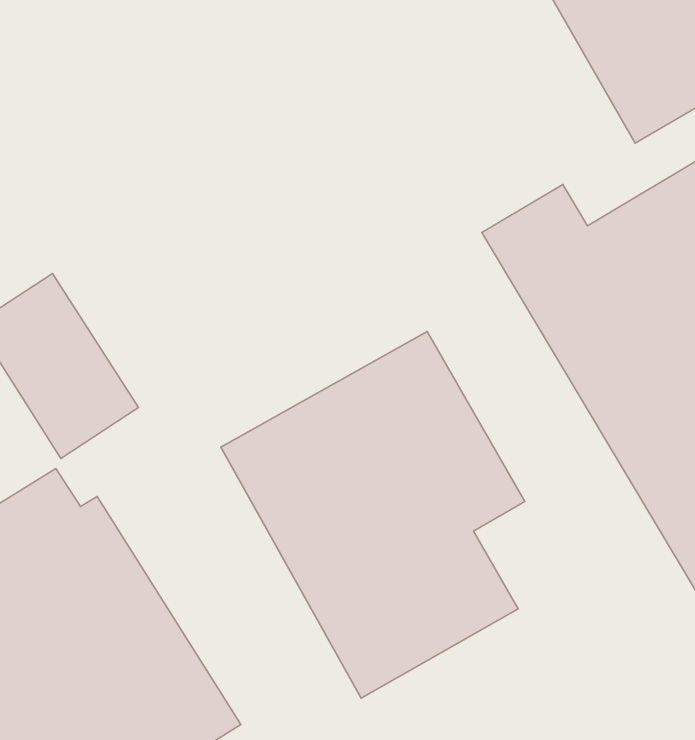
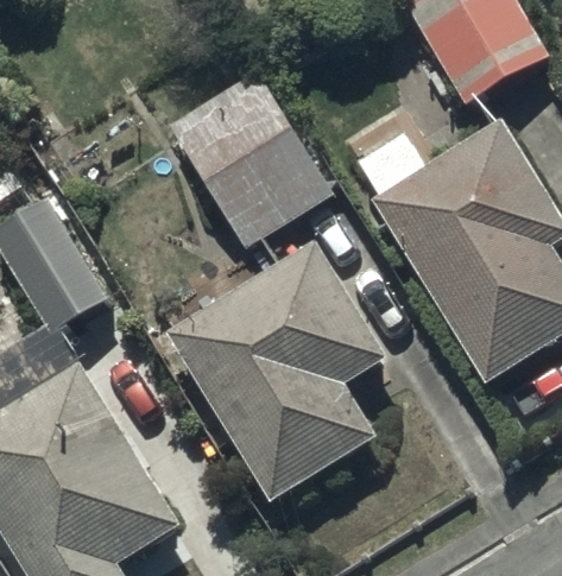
building: none -> [166,71,329,246]

